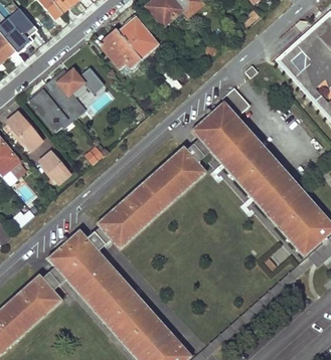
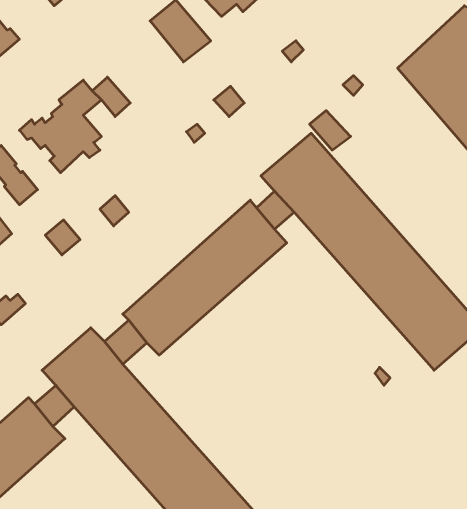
building: [99,27,141,71] -> none

